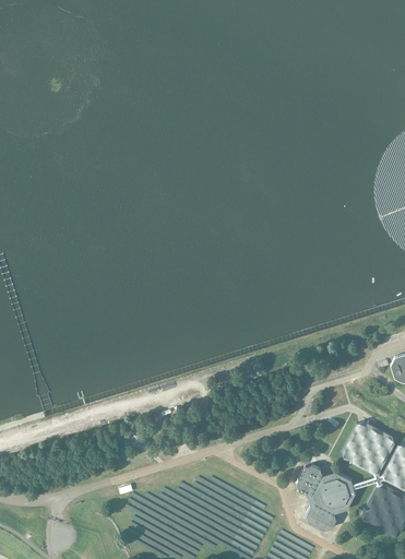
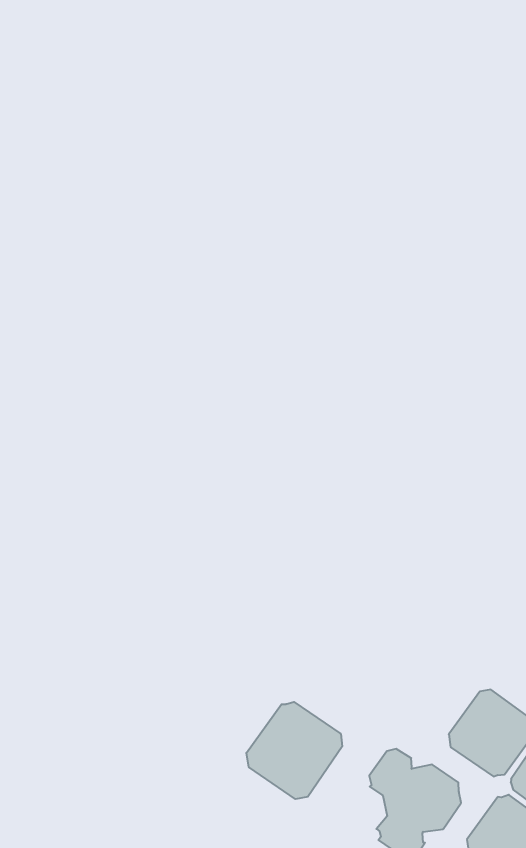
building: none -> [246,702,342,799]

